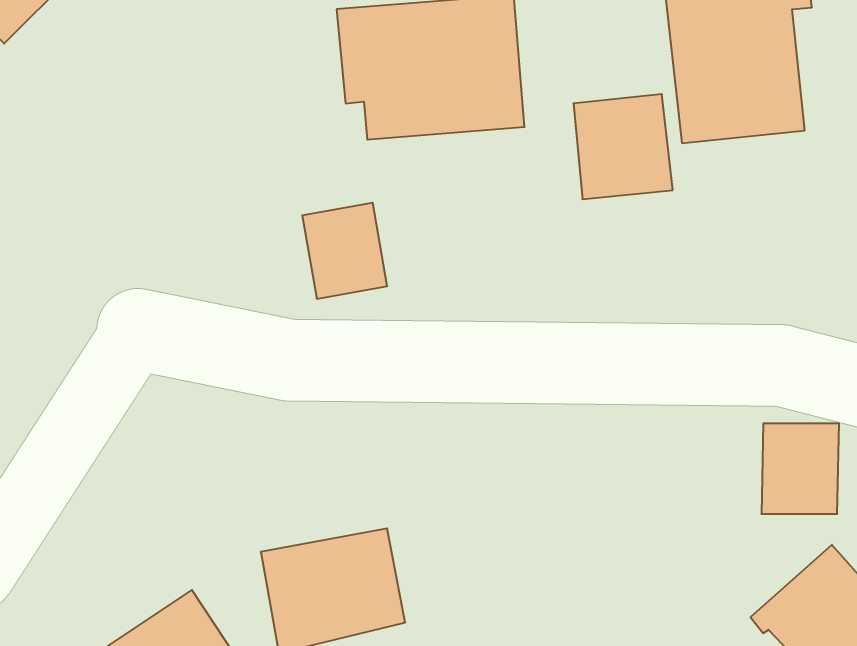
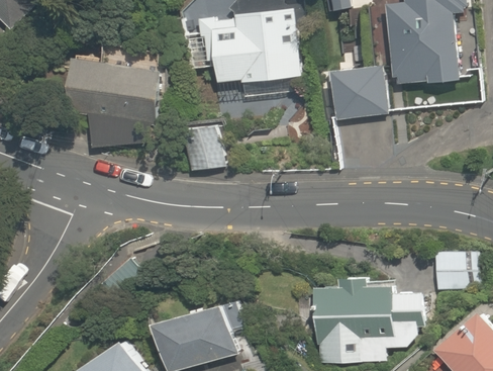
building: none -> [55,47,159,149]
building: none -> [315,284,424,364]

